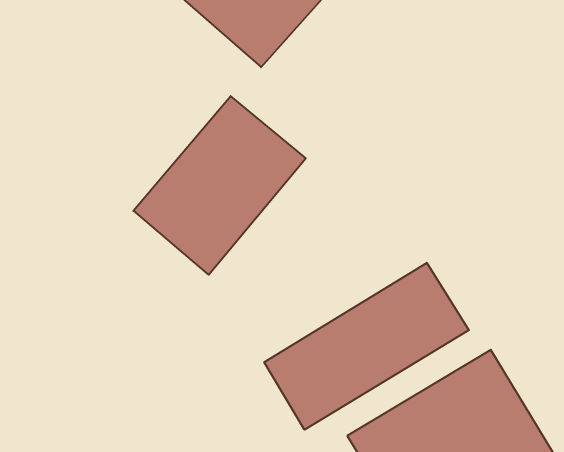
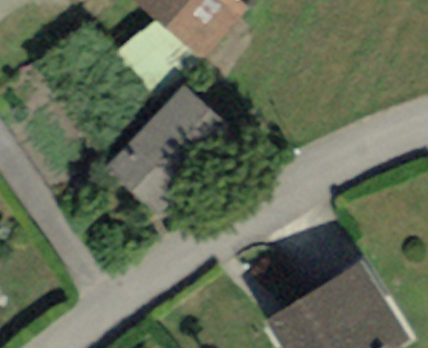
building: [264,263,469,430] -> none

